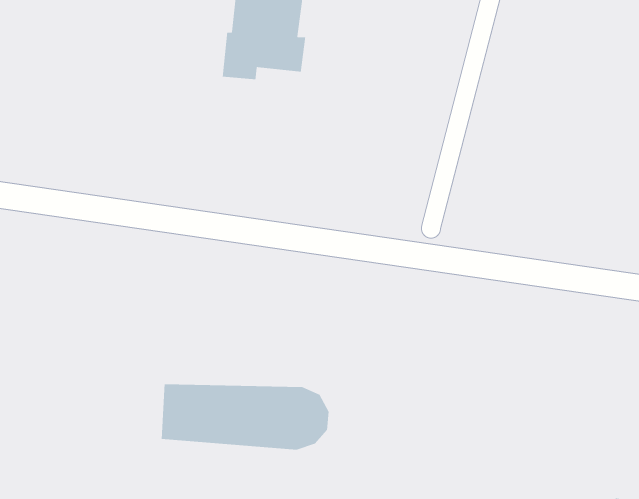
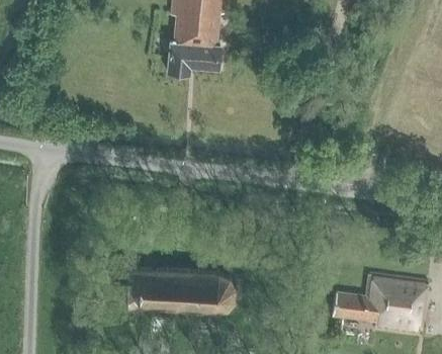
building: none -> [333,277,425,333]

